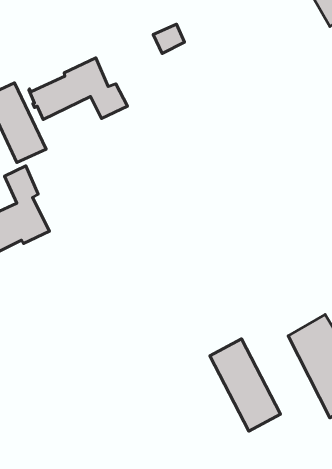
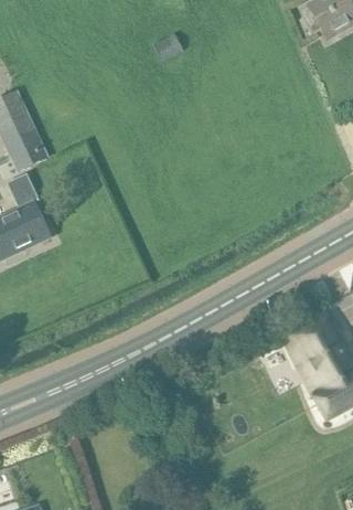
building: [29,58,128,120] -> none
building: [210,339,281,431] -> none

